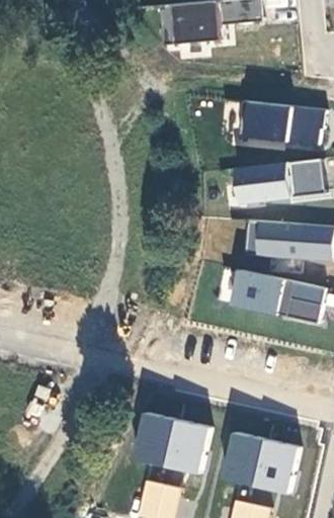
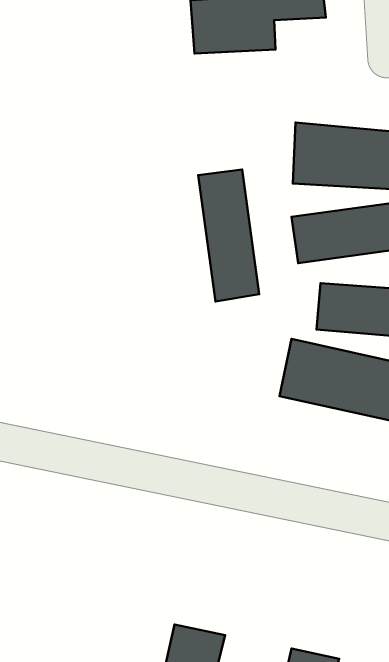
building: none -> [198,170,259,301]
building: [129,413,212,476] -> none
building: [222,431,303,497] -> none

